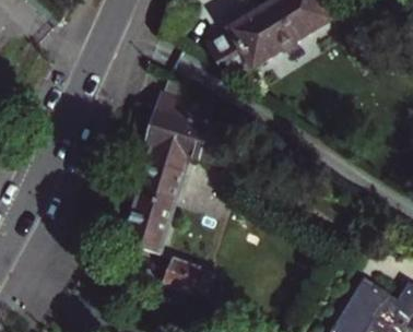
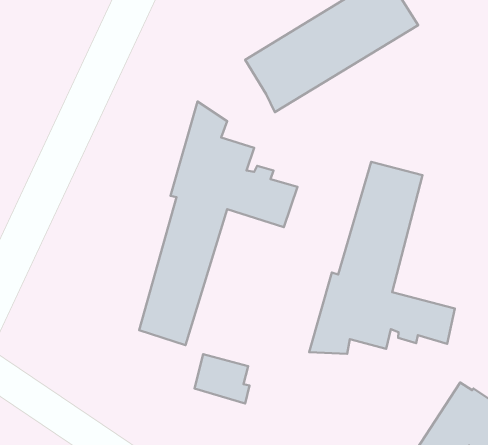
building: none -> [309,162,455,354]

